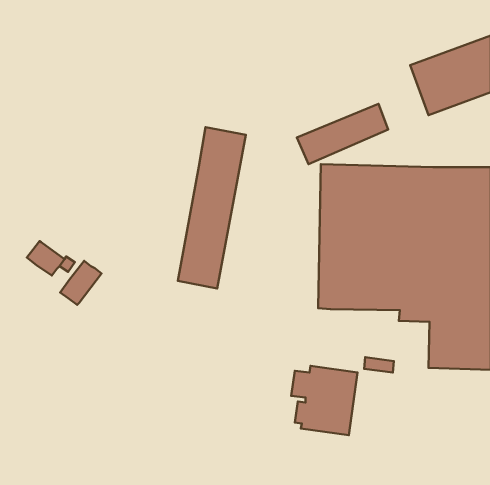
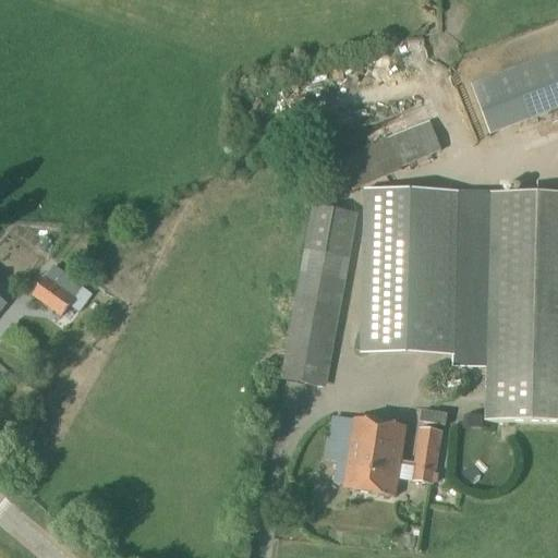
building: [178,127,246,289] -> [281,202,359,385]
building: [60,261,101,305] -> none
building: none -> [412,425,440,481]

